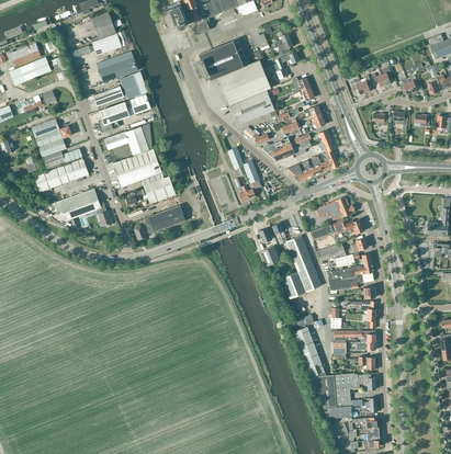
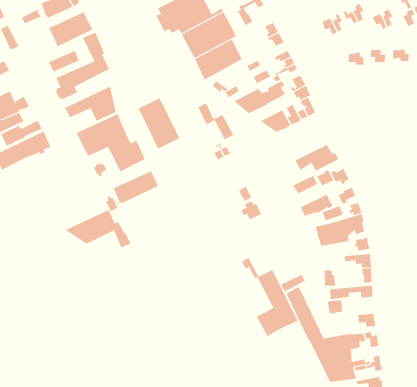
building: none -> [138,97,180,149]
building: [52,189,112,226] -> [65,209,131,248]
building: [273,223,322,298] -> [241,257,299,337]

